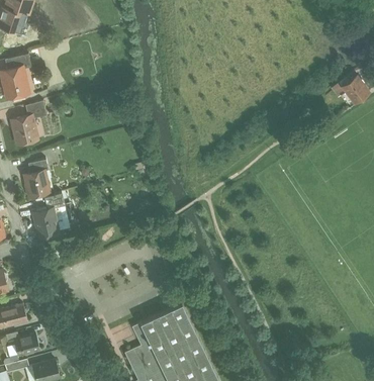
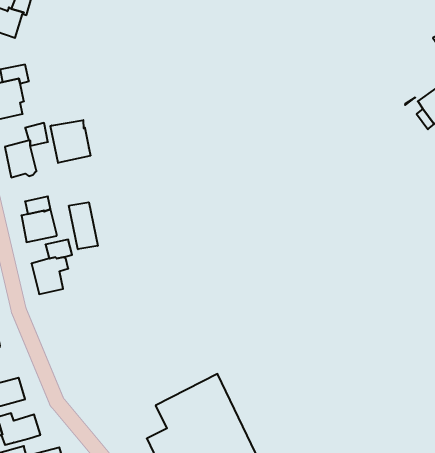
building: none -> [50,120,90,163]
building: none -> [69,202,98,249]

